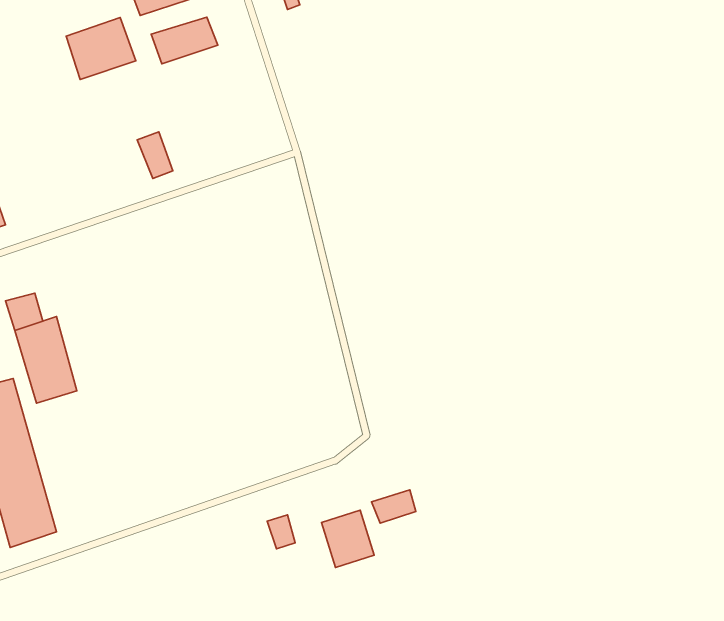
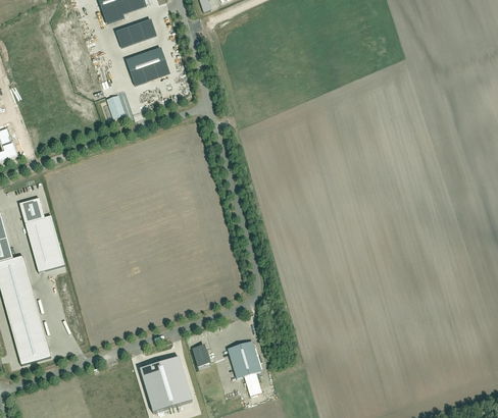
building: [66,17,136,80] -> [123,45,169,86]
building: [372,490,416,523] -> none
building: none -> [137,353,191,409]

